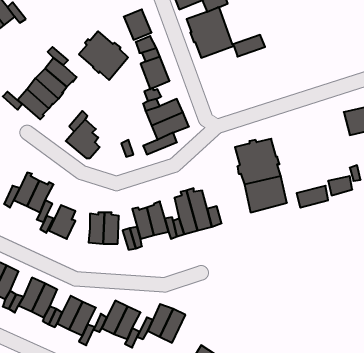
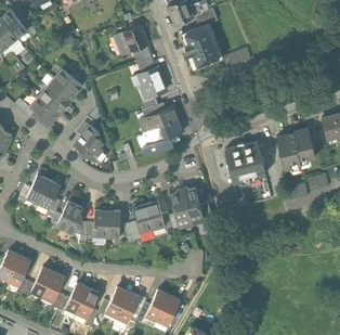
building: [79,31,128,80] -> none
building: none -> [276,128,316,173]

